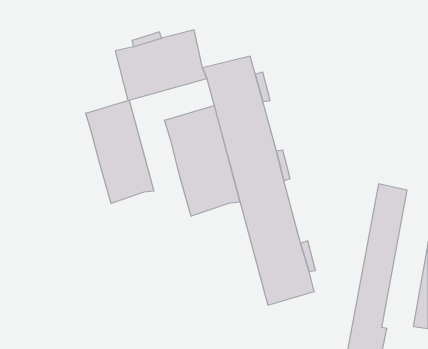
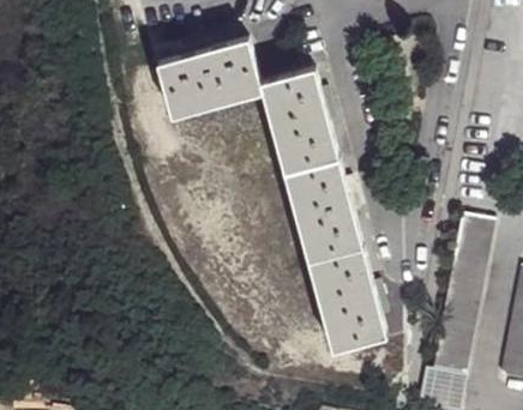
building: [86,100,154,204] -> none
building: [165,105,240,216] -> none

